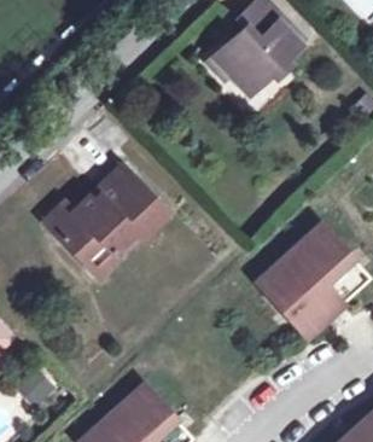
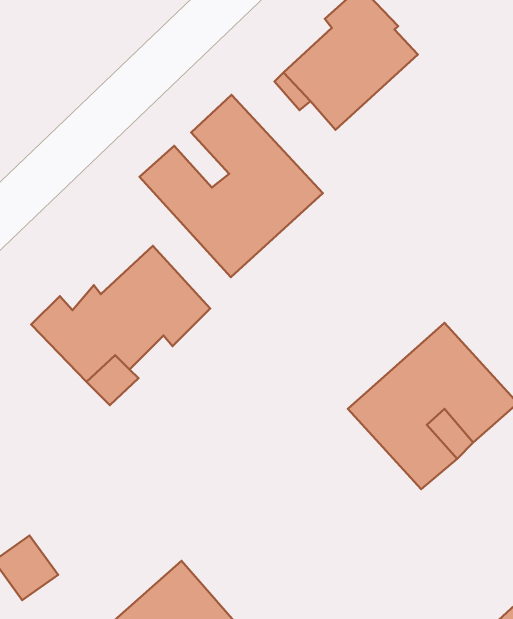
building: none -> [140,95,323,277]

